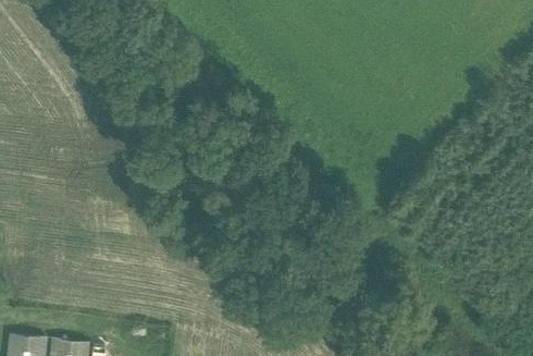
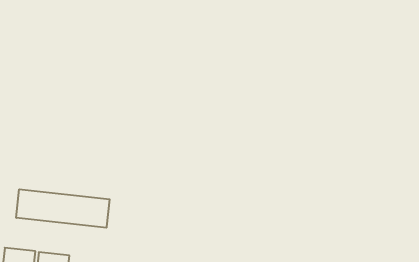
building: none -> [16,189,110,228]

